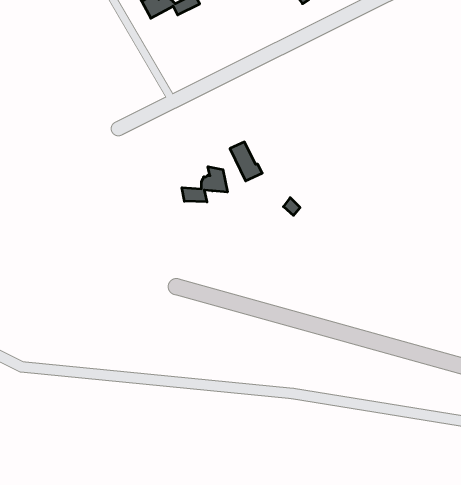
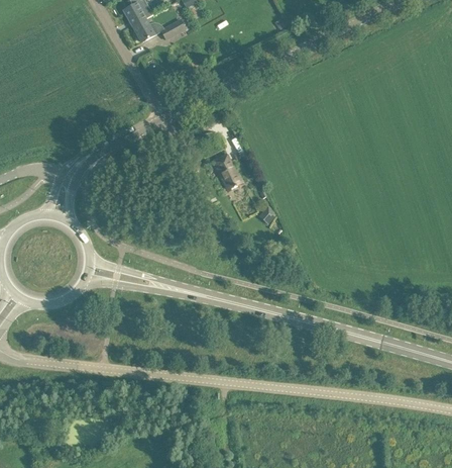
building: [182,167,227,202] -> none

